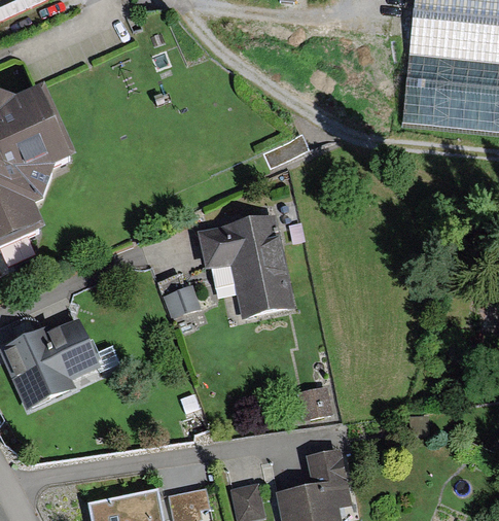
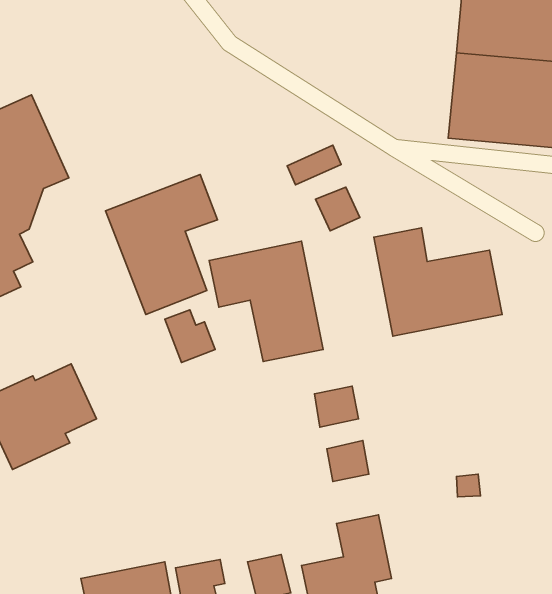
building: none -> [105,175,217,314]
building: none -> [315,187,360,231]
building: none -> [374,228,502,336]
building: none -> [315,386,359,427]

